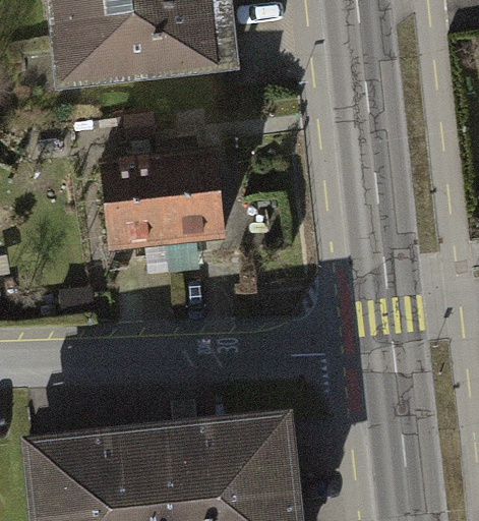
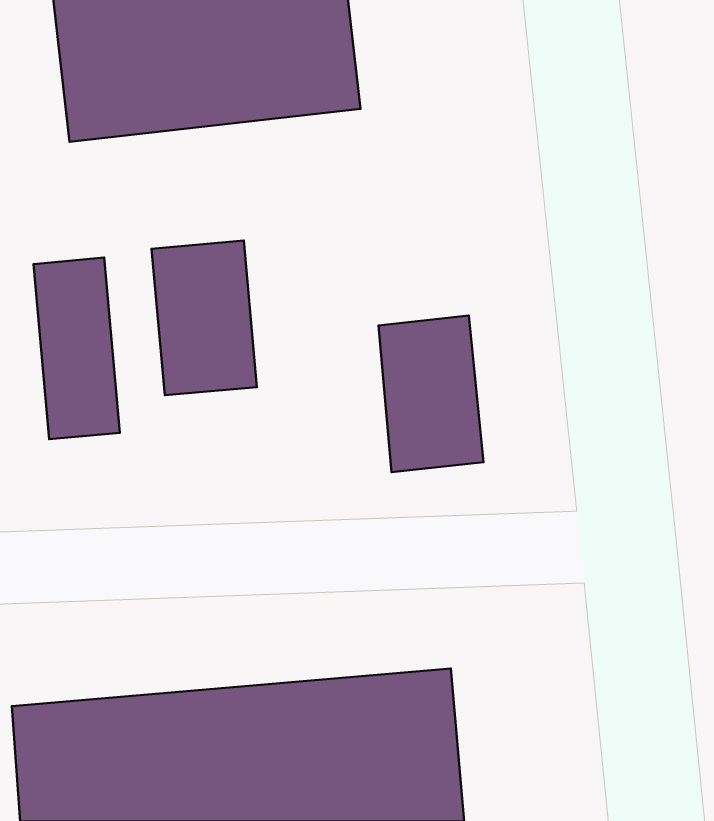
building: [165,149,230,245] -> [378,316,484,472]
building: none -> [33,258,120,439]

